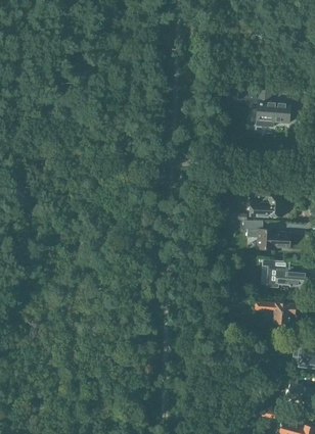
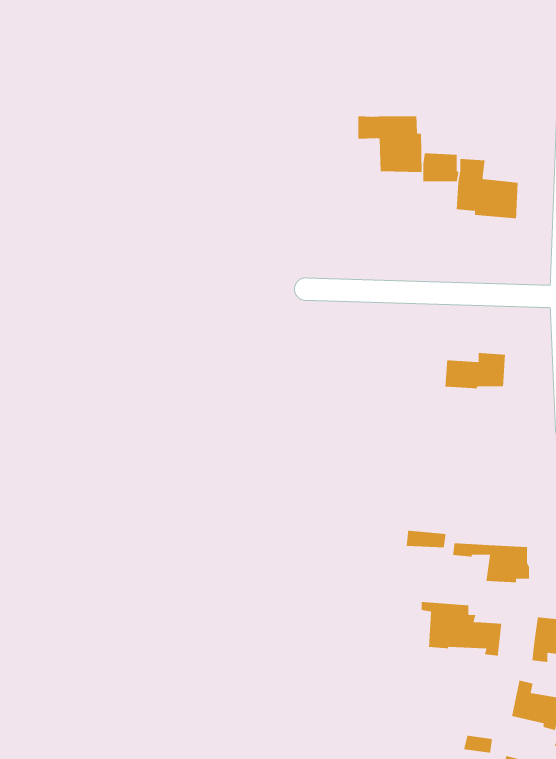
building: none -> [357,115,422,173]
building: [244,222,291,250] -> none
building: [263,261,308,292] -> [421,601,502,657]

